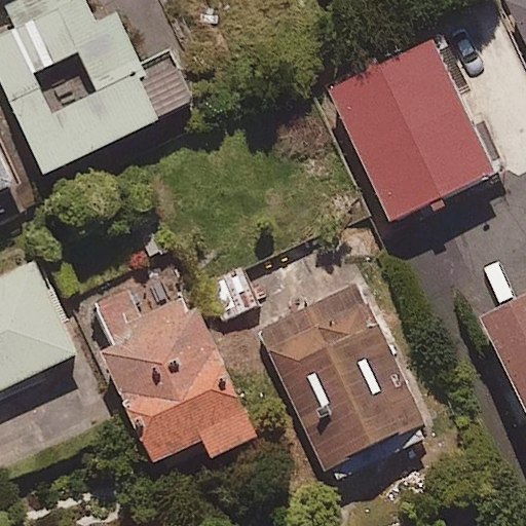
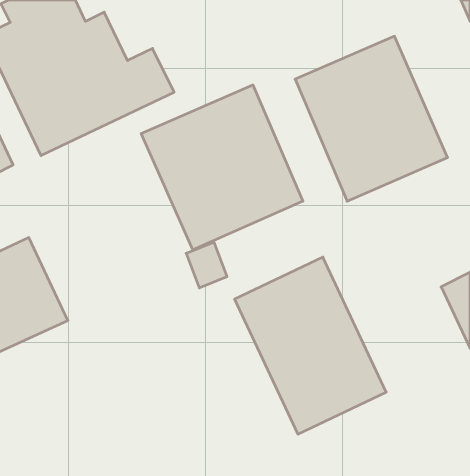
building: none -> [141,85,303,250]
building: [81,281,258,460] -> none

